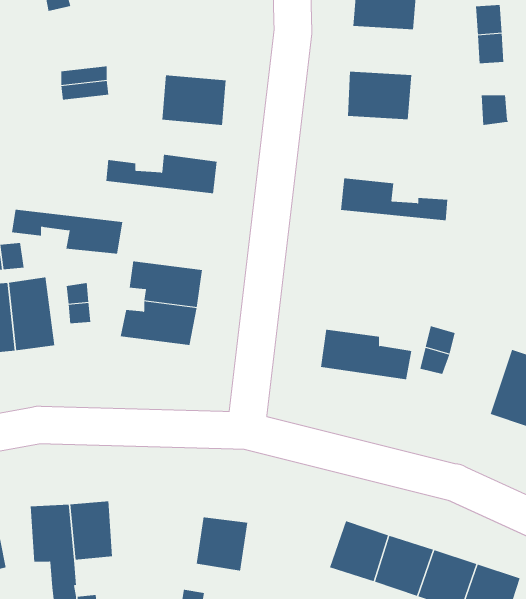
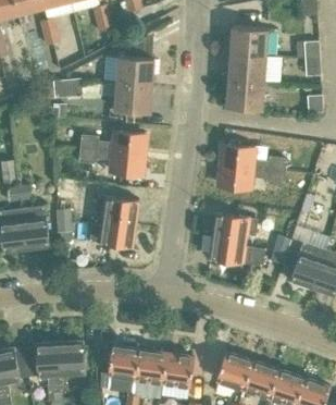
building: none -> [227,54,266,84]
building: none -> [116,57,155,87]
building: [11,209,123,254] -> [78,148,146,175]
building: none -> [220,165,286,188]
building: none -> [213,213,258,242]
building: none -> [290,242,325,289]
building: none -> [108,346,139,379]
building: none -> [162,354,194,386]

